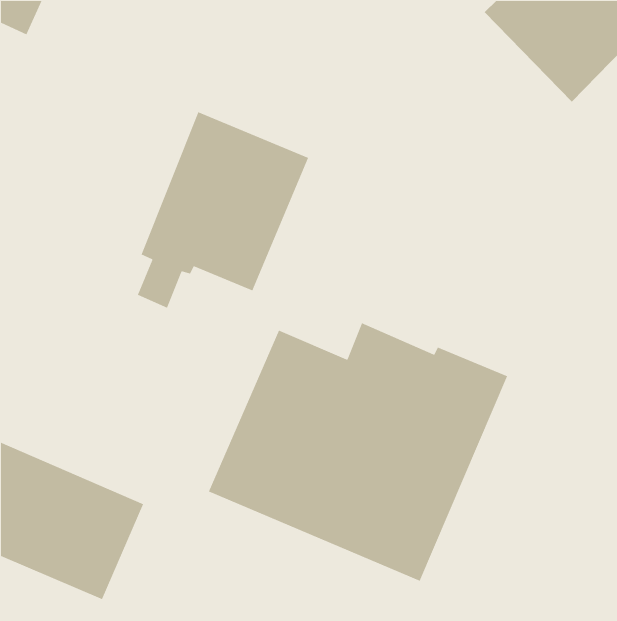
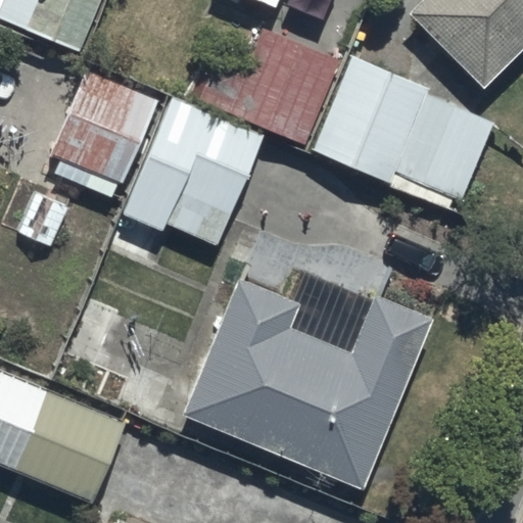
building: none -> [200,30,338,142]
building: none -> [313,55,495,217]
building: none -> [50,68,156,199]

